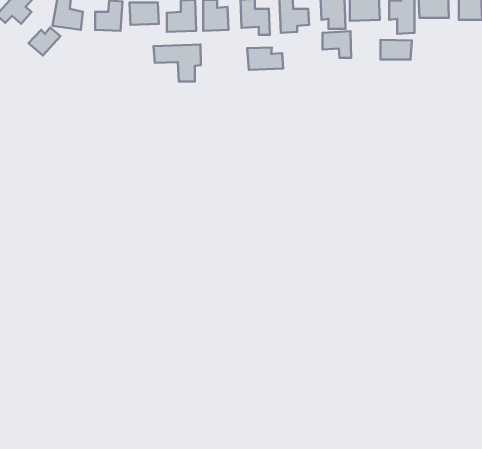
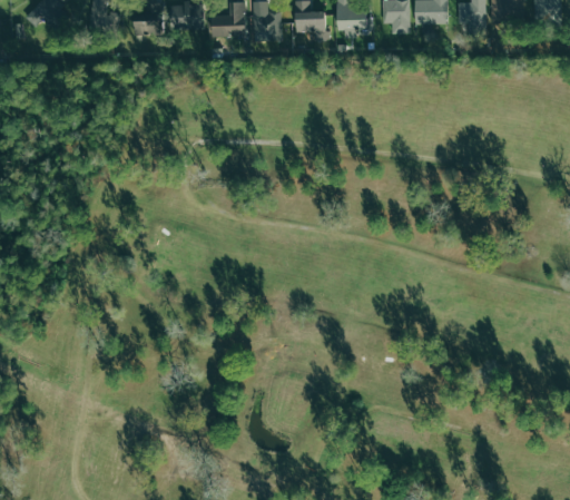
building: [28,27,60,55] -> none
building: [322,31,351,58] -> none
building: [381,40,412,59] -> none
building: [154,45,201,82] -> none
building: [247,48,283,70] -> none

